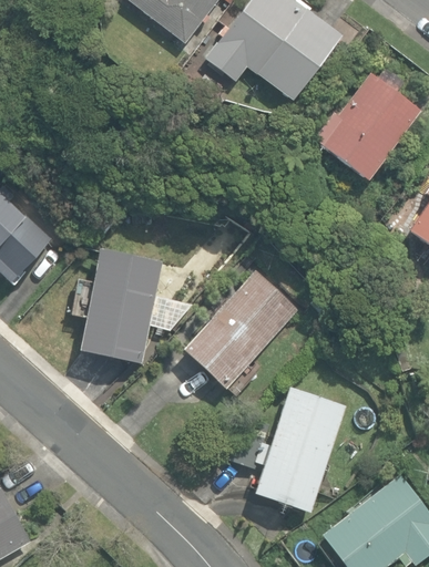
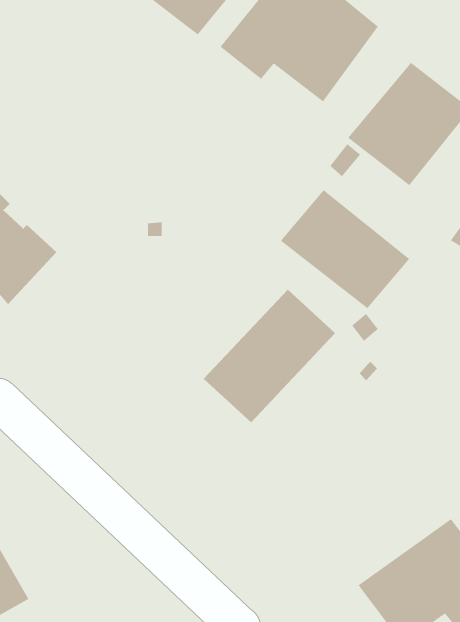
building: none -> [280,189,410,309]
building: [81,246,186,364] -> none
building: [229,386,349,513] -> none

